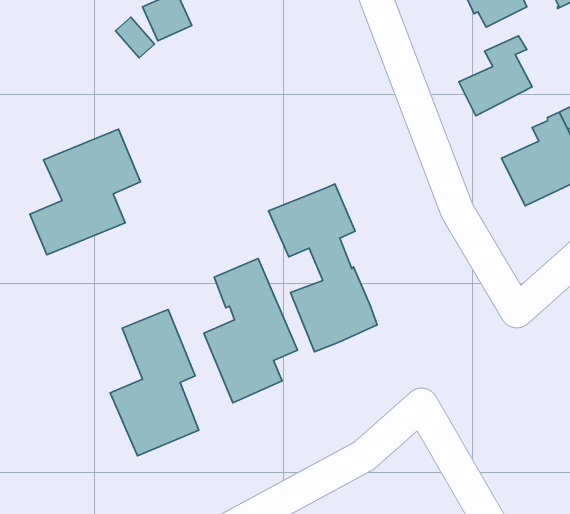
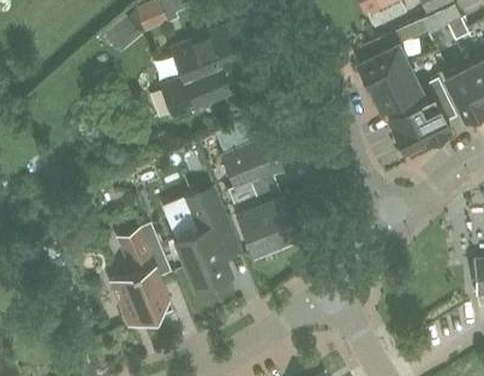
building: none -> [369,66,419,109]
building: [30,129,141,255] -> [162,28,240,117]

